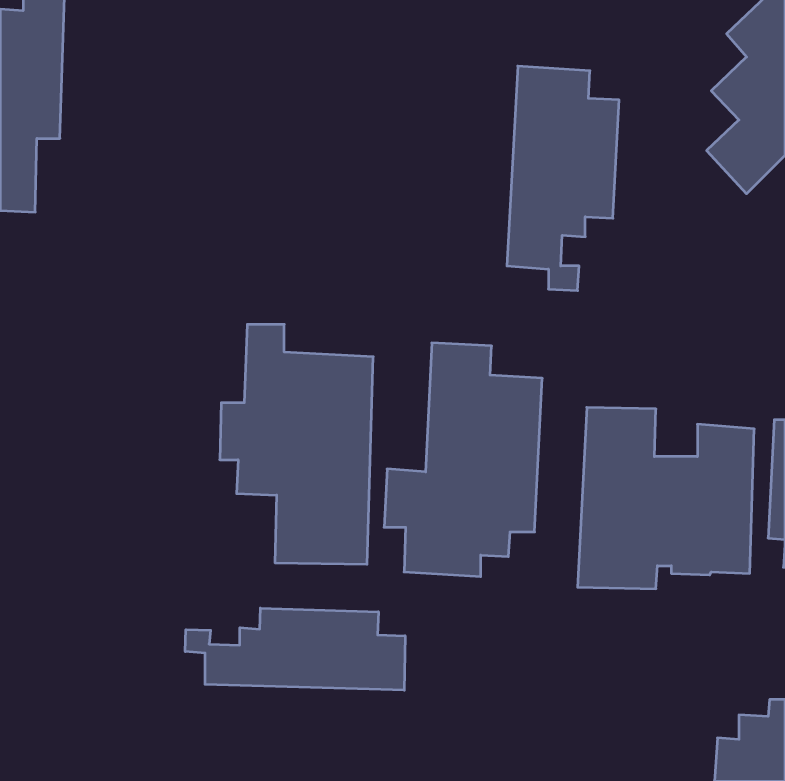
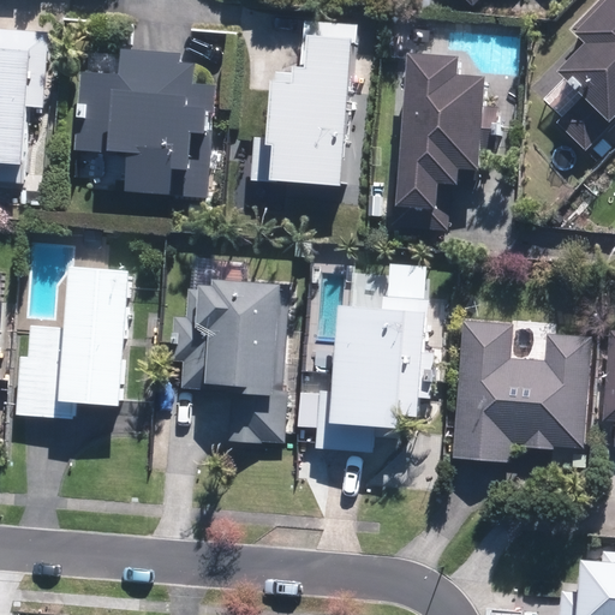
building: none -> [252,18,359,189]
building: none -> [73,46,215,197]
building: none -> [18,269,130,417]
building: [185,608,405,690] -> none

